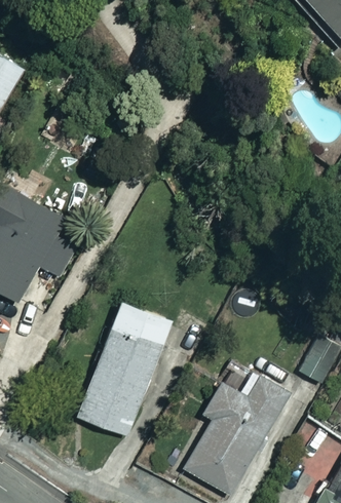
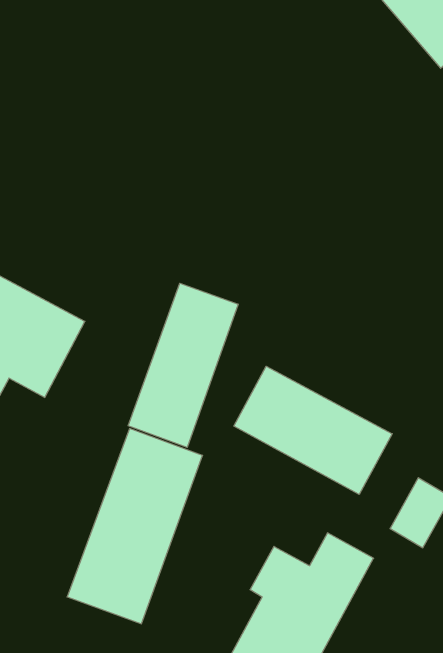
building: none -> [128,283,238,447]
building: none -> [234,366,392,494]

